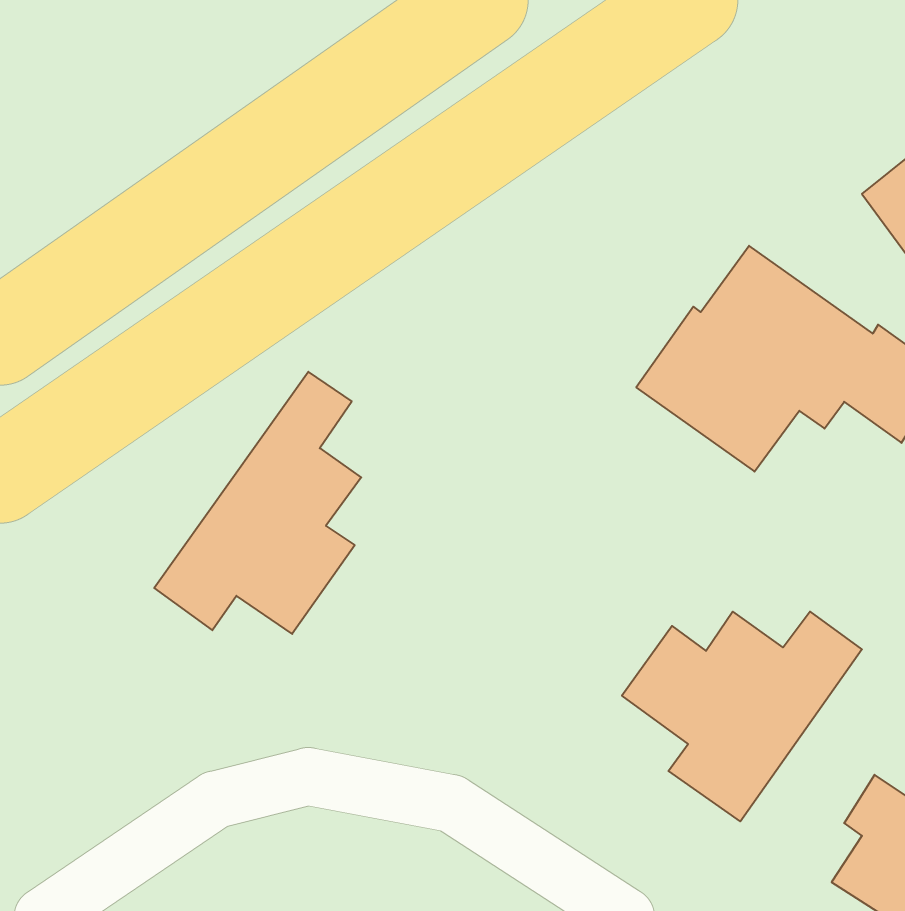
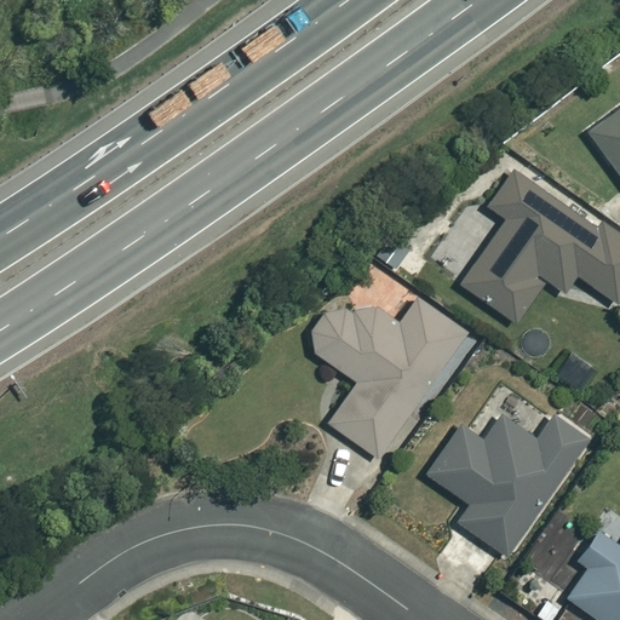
building: [154,372,361,634] -> none
building: none -> [305,292,465,457]

